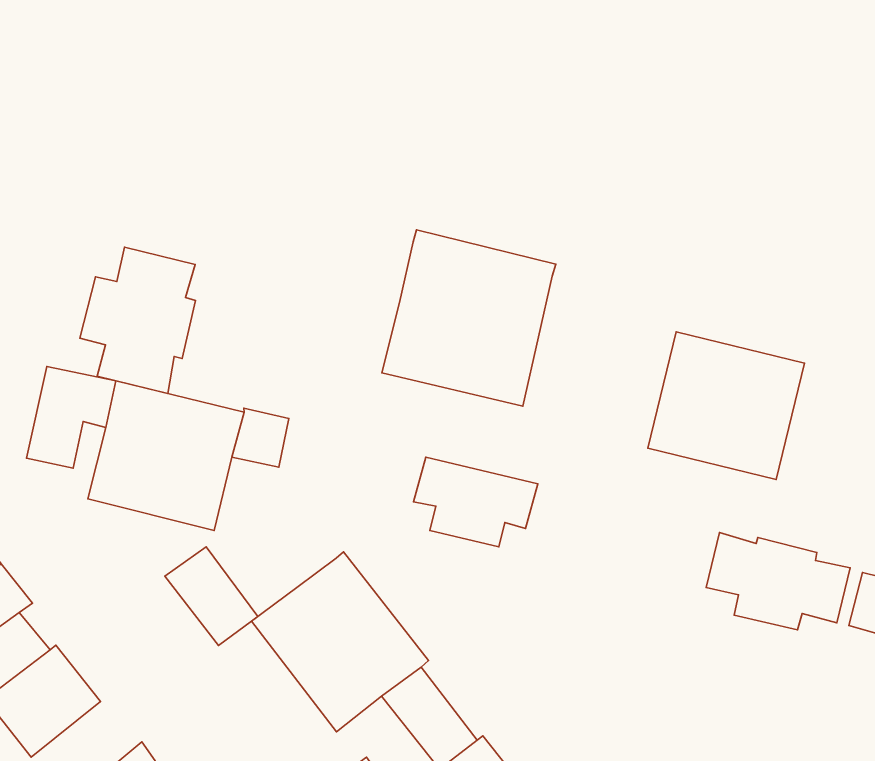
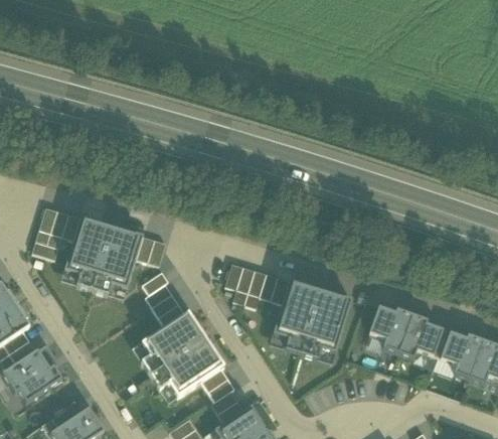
building: [382,230,556,406] -> none
building: [80,247,195,394] -> none
building: [648,332,804,479] -> [271,284,353,362]
building: [165,547,258,646] -> [139,275,184,325]

